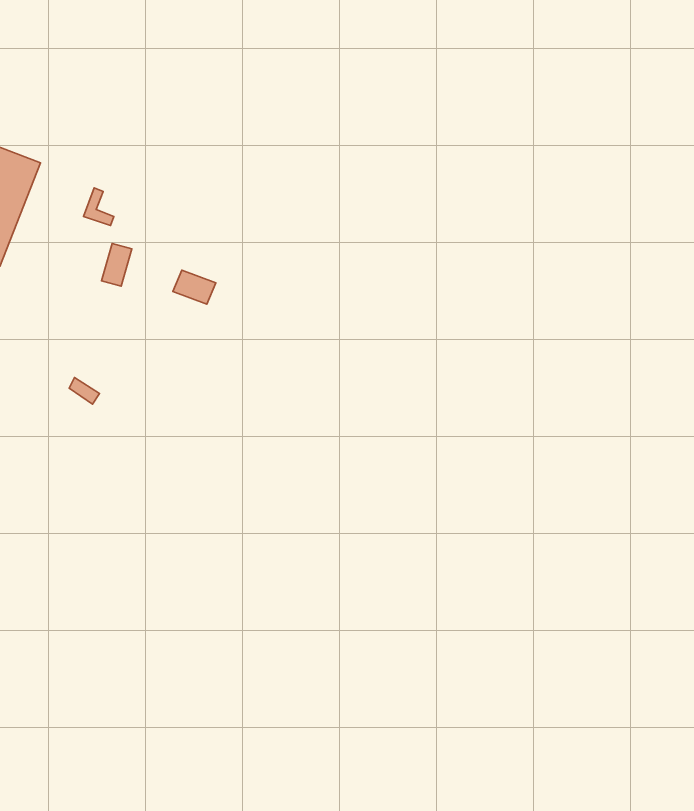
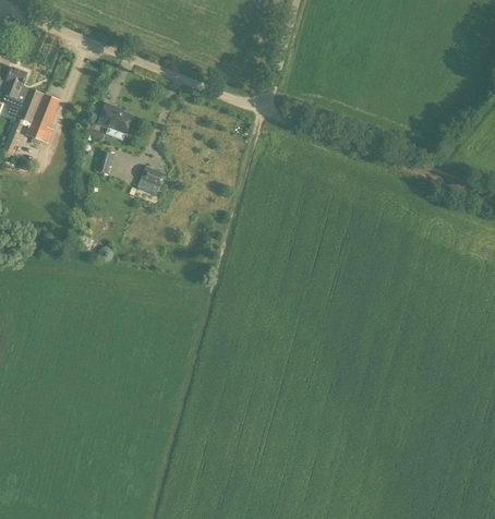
building: none -> [98,104,133,133]

